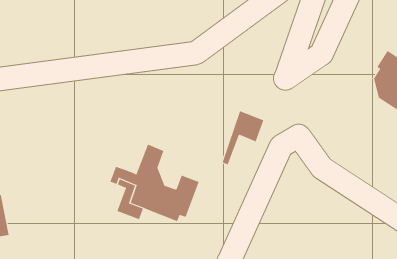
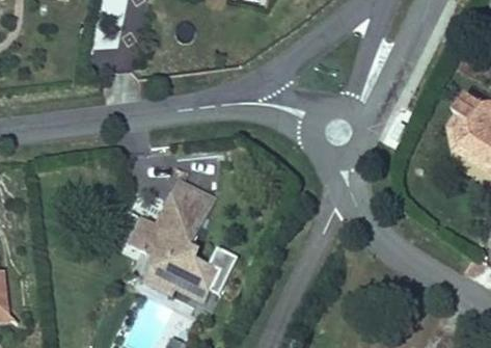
building: [222,110,264,165] -> [157,176,207,240]

